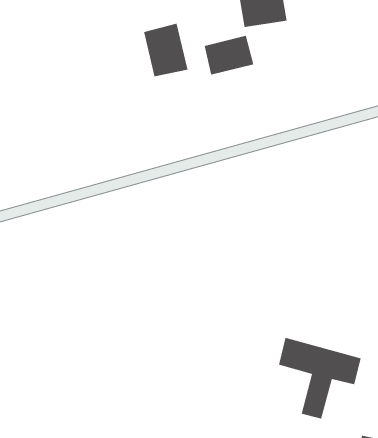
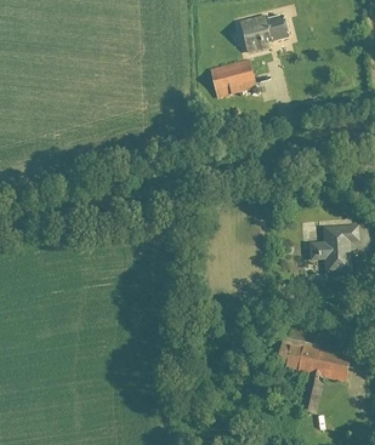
building: [143,23,188,77] -> none
building: none -> [307,222,360,274]

